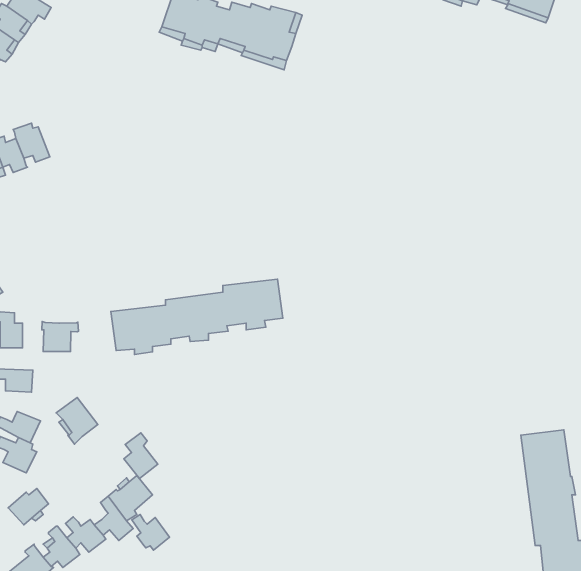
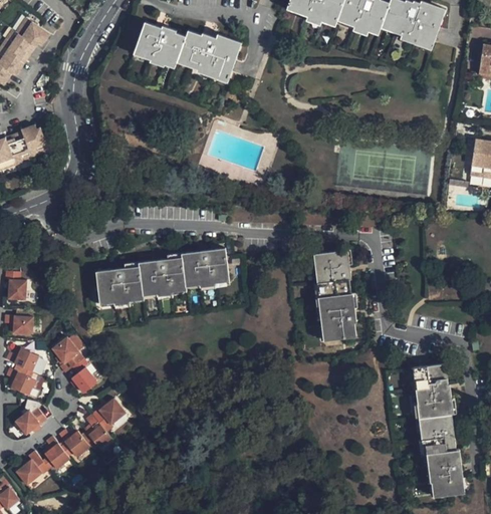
building: none -> [310,248,354,339]
building: [42,322,78,352] -> none
building: [124,433,158,478] -> [71,358,97,394]
building: [132,514,170,550] -> none

